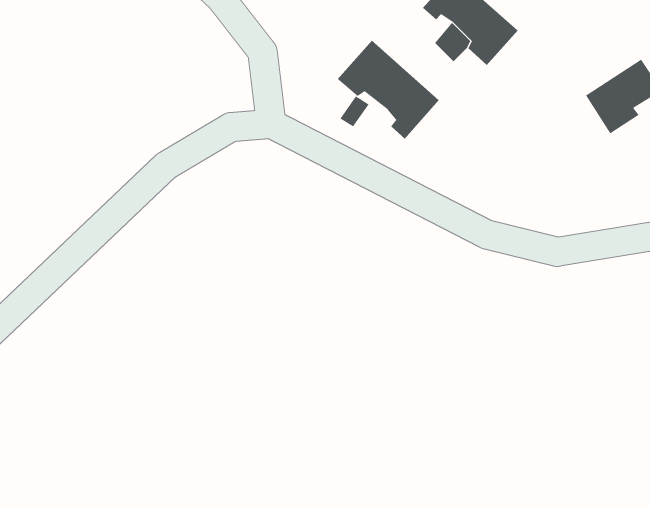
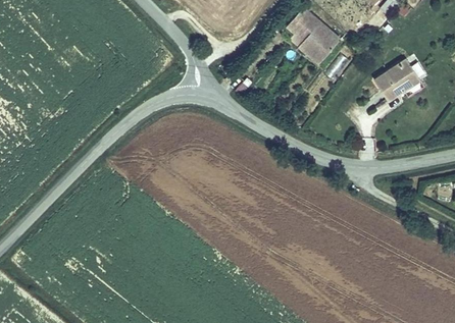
building: [337,40,439,140] -> none

